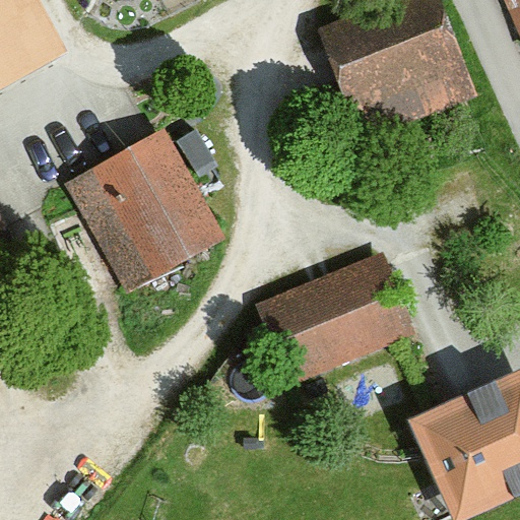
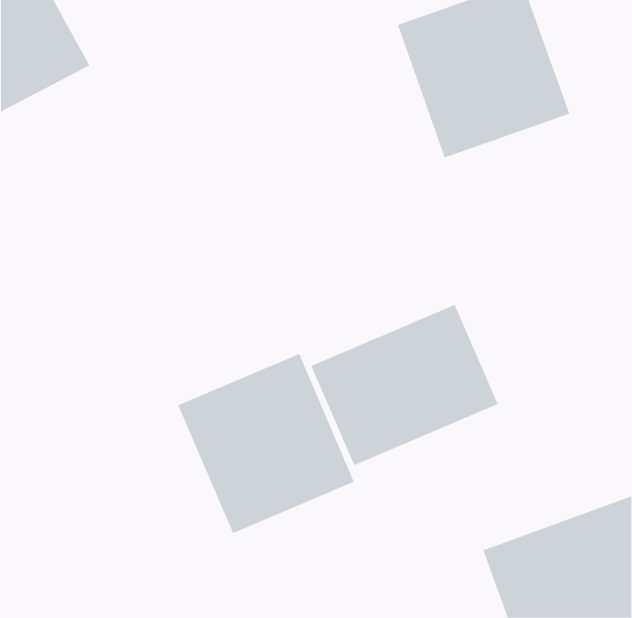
building: [79,141,214,278] -> none
building: none -> [177,353,355,534]

